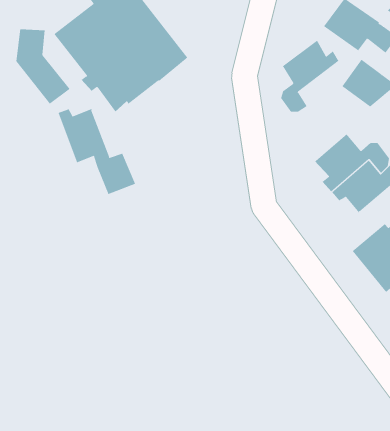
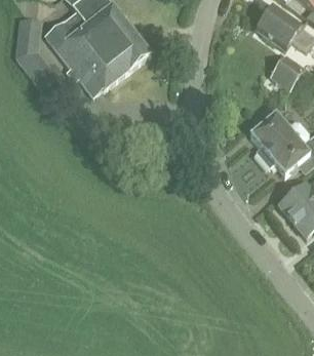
building: [281,39,339,113] -> none
building: [58,109,136,195] -> none

